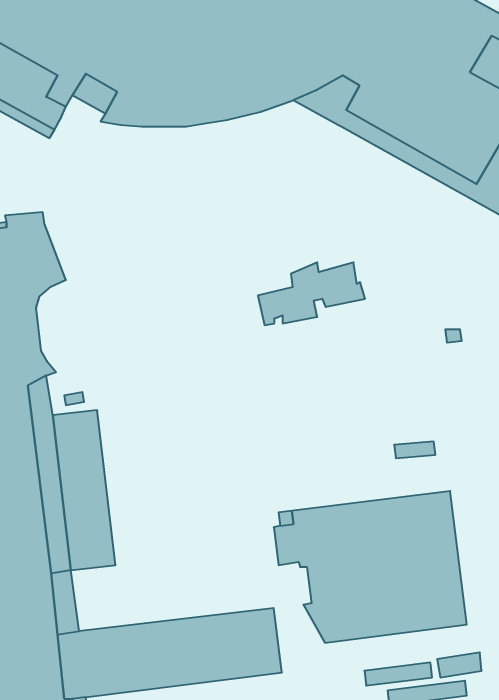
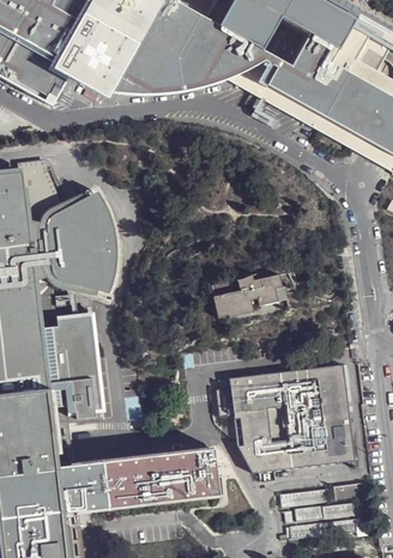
building: none -> [42,193,111,290]
building: [258,262,365,325] -> [212,273,290,319]

